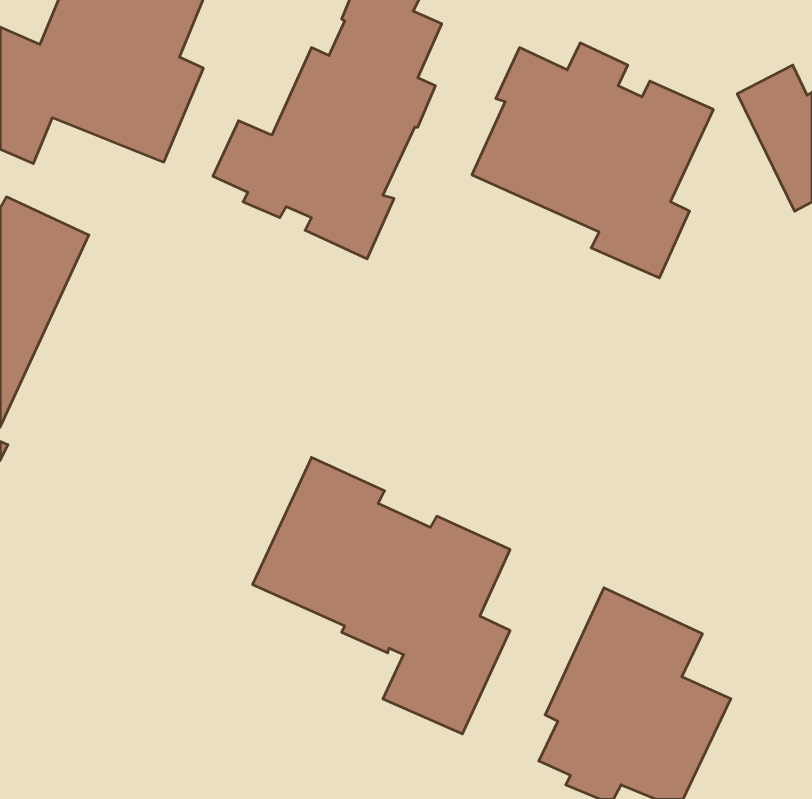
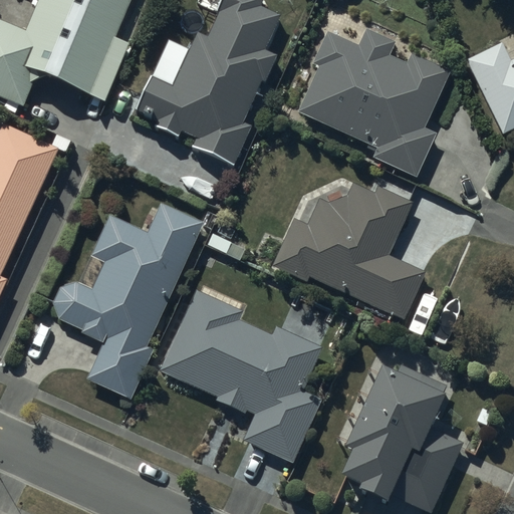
building: none -> [271,182,426,319]
building: none -> [52,200,206,399]

